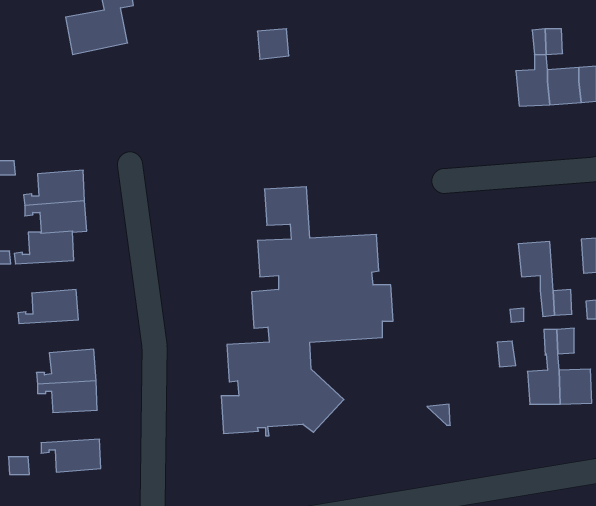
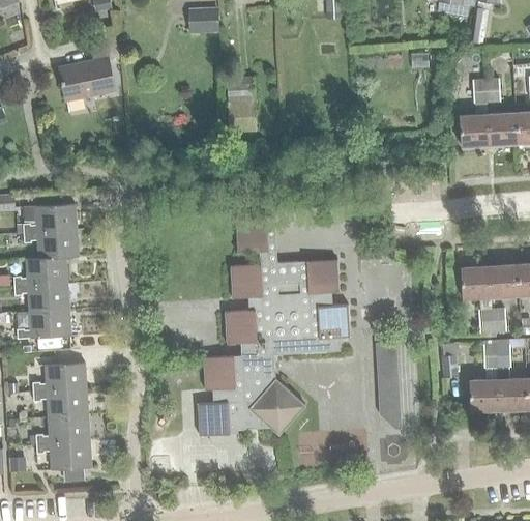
building: none -> [488,264,518,296]
building: none -> [14,283,68,312]
building: none -> [36,415,89,444]

